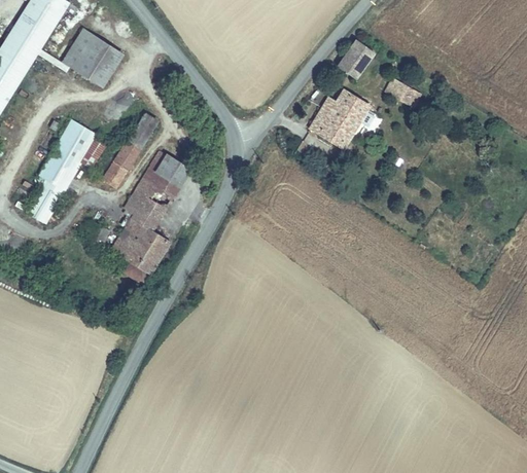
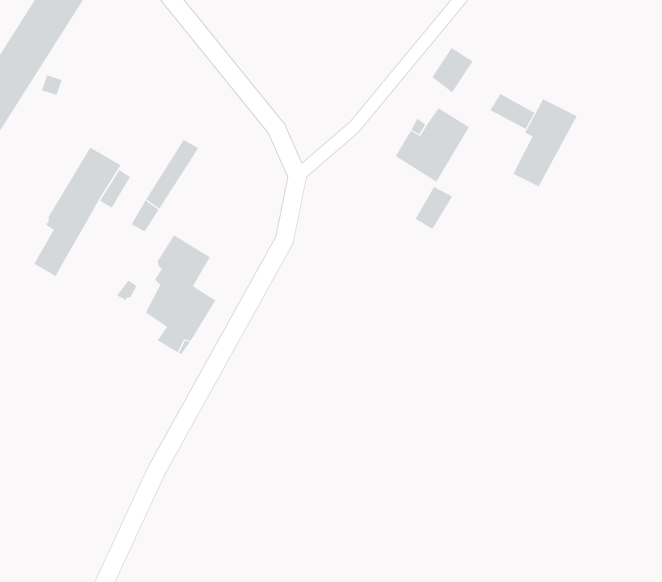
building: [62,28,122,86] -> none
building: none -> [513,99,578,187]
building: none -> [415,186,453,230]
building: [138,151,187,207] -> none

